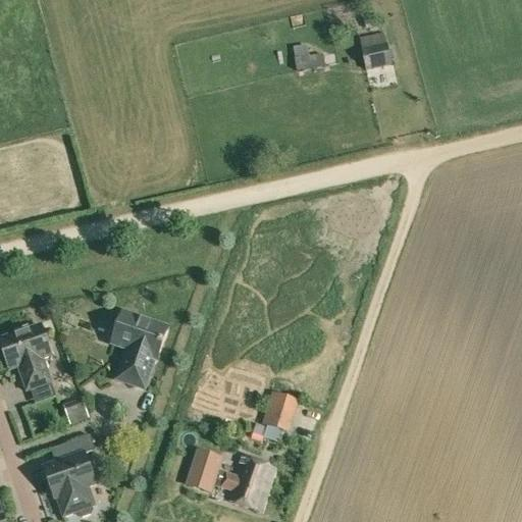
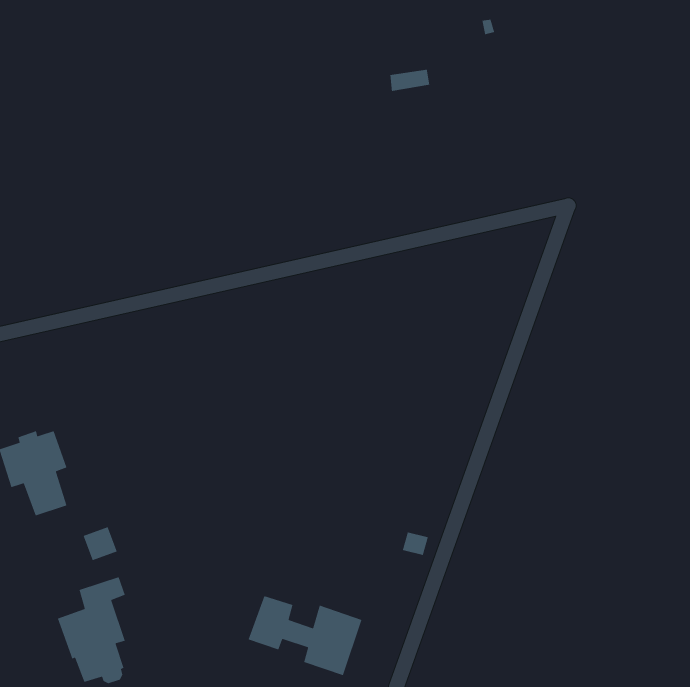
building: [360,31,392,68] -> none
building: [108,310,168,387] -> none
building: [261,390,298,431] -> none

